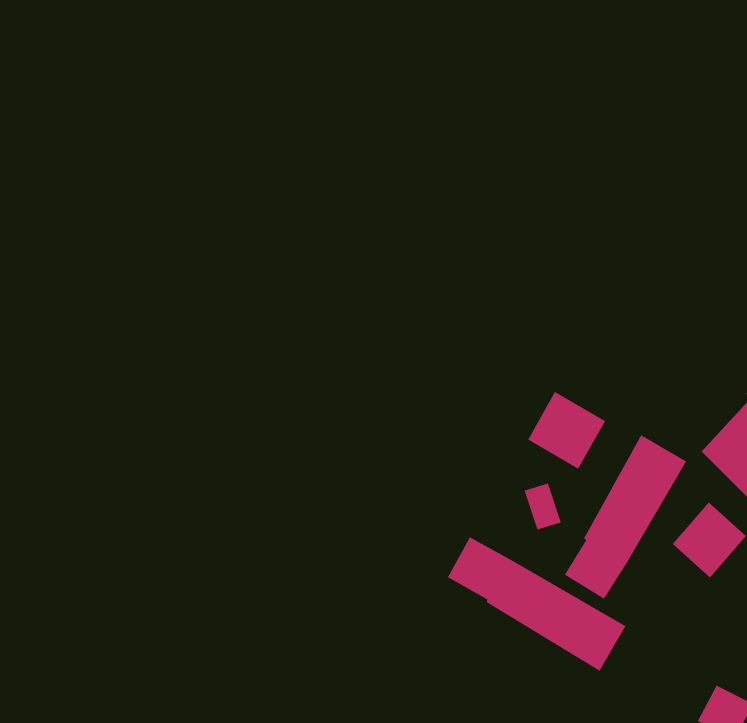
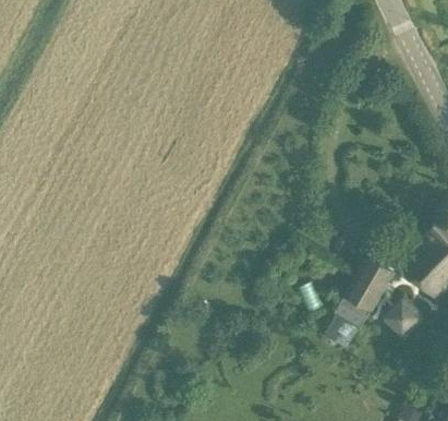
building: [527,391,606,470] -> none
building: [447,536,626,672] -> none

